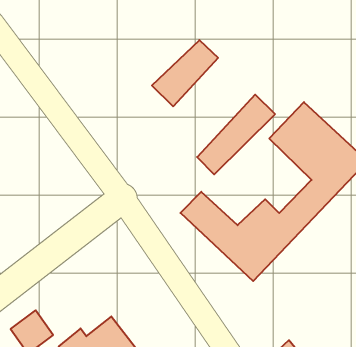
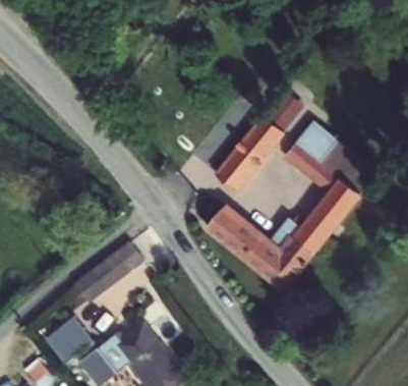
building: [152,40,218,106] -> none
building: none -> [72,246,144,309]

